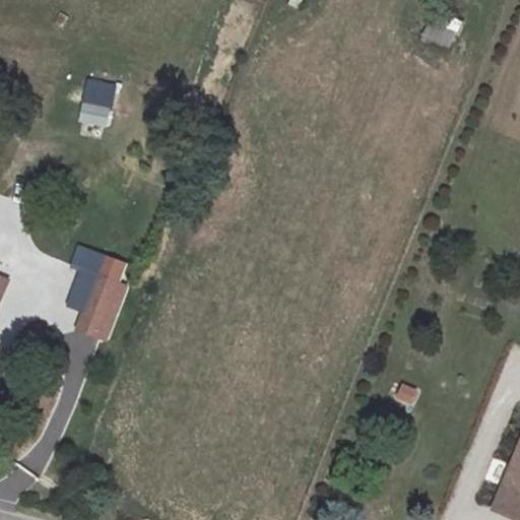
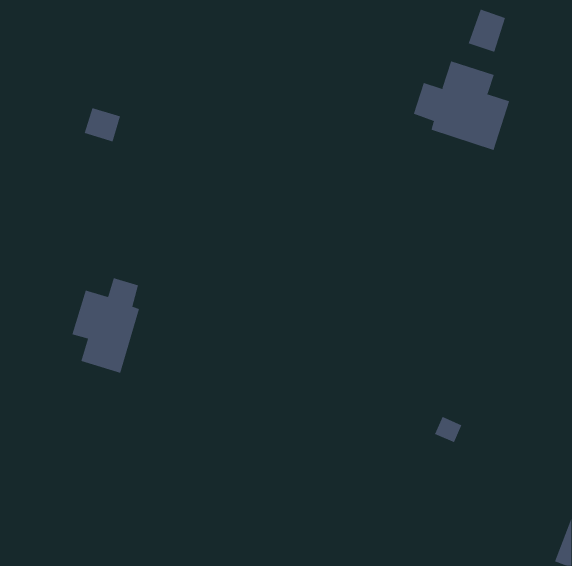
building: none -> [413,60,510,151]

